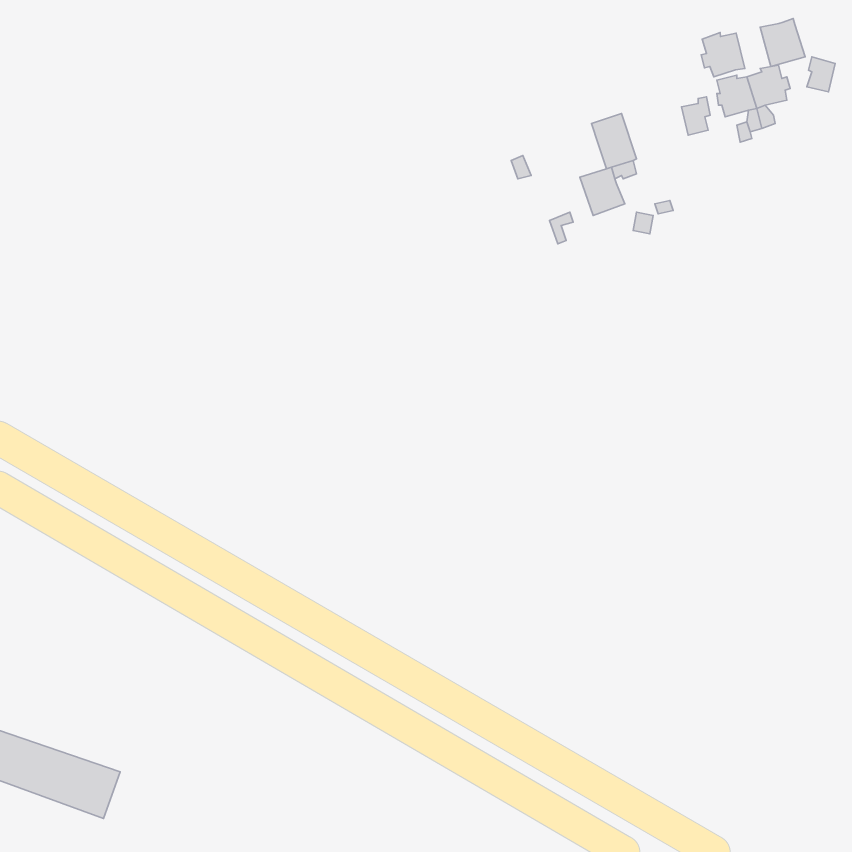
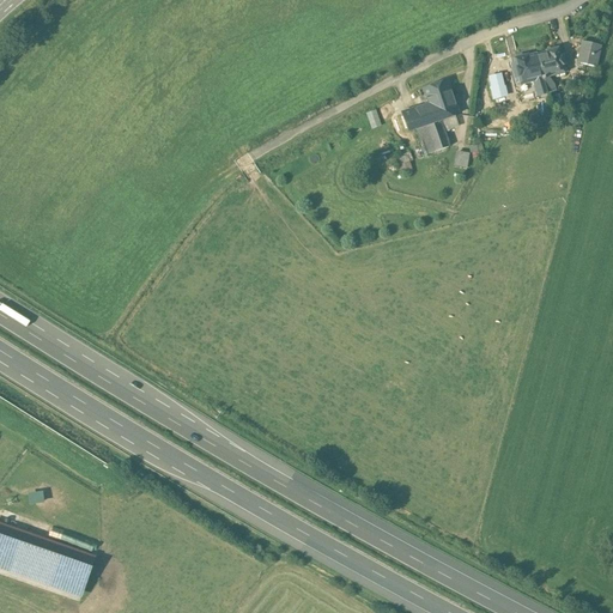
building: [760,18,805,67] -> none
building: [701,32,745,77] -> none
building: none -> [401,103,435,131]

